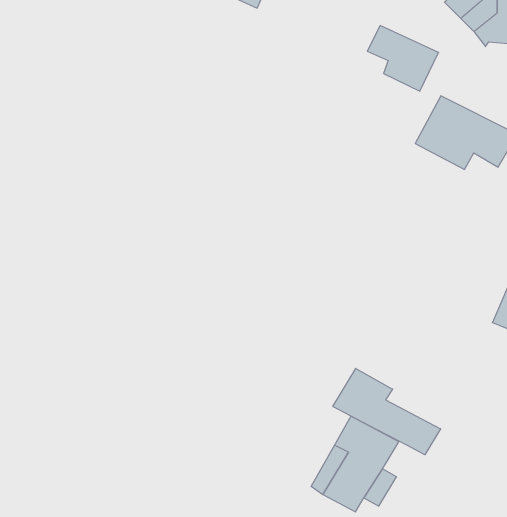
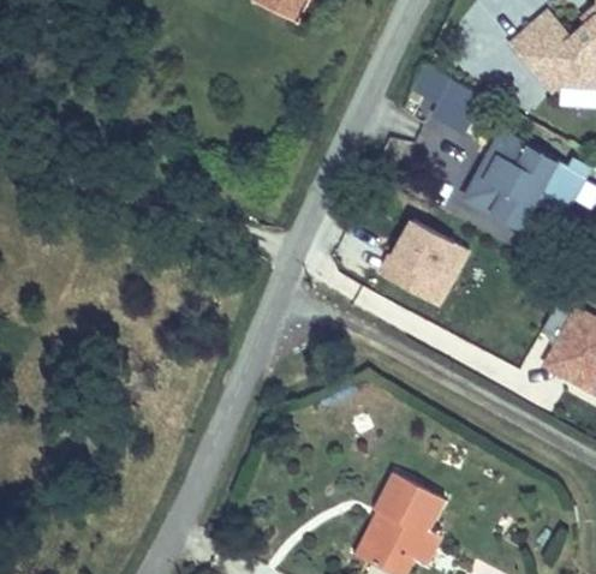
building: none -> [379,216,472,310]
building: [333,368,441,455] -> none

